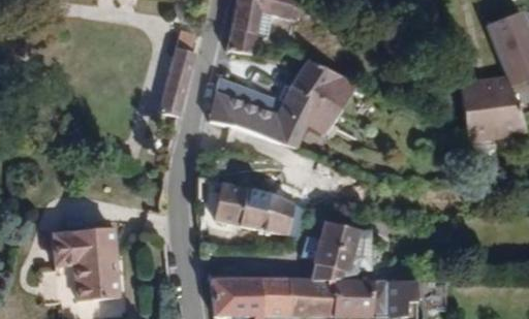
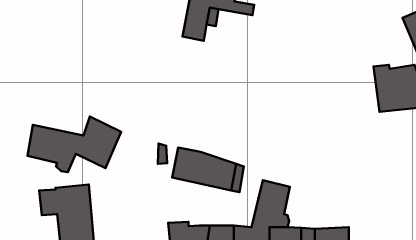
building: [159,49,196,115] -> none
building: [211,59,355,148] -> none
building: none -> [28,117,121,172]

